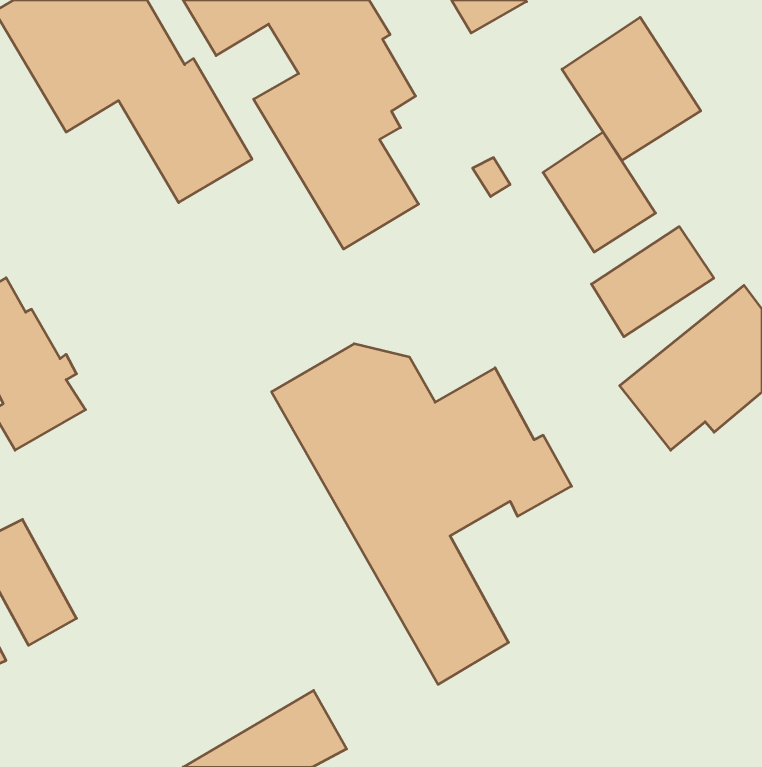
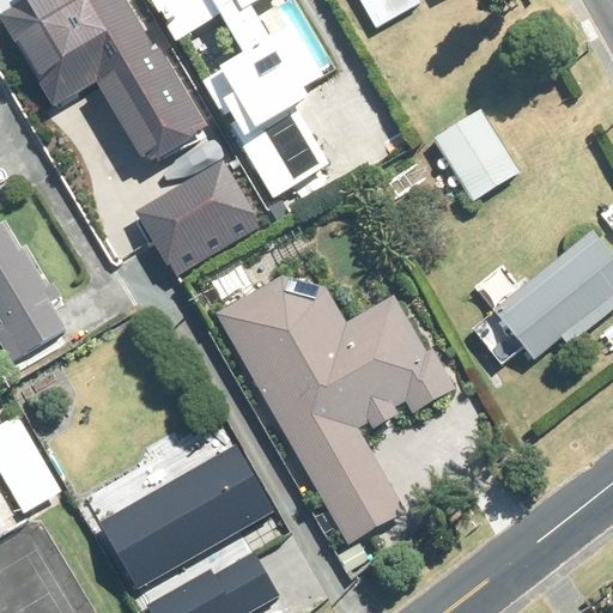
building: [562,17,701,160] -> none
building: none -> [133,162,256,275]
building: [591,227,714,337] -> none
building: none -> [95,445,273,593]

